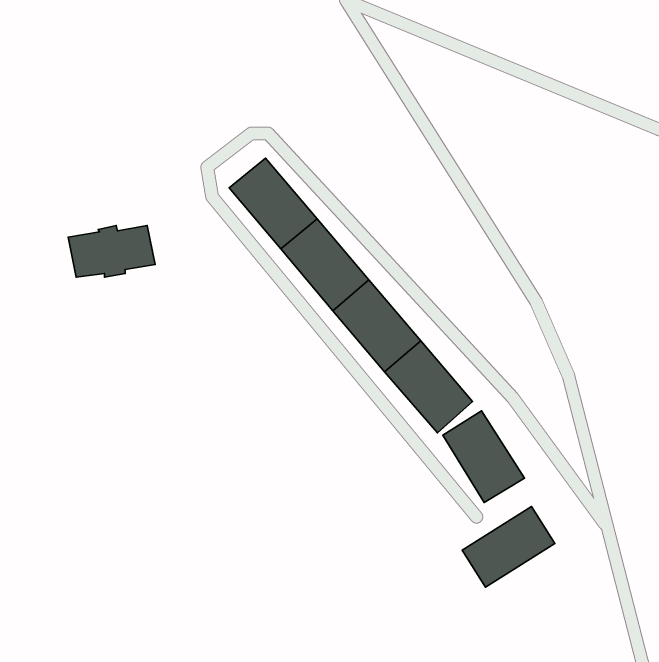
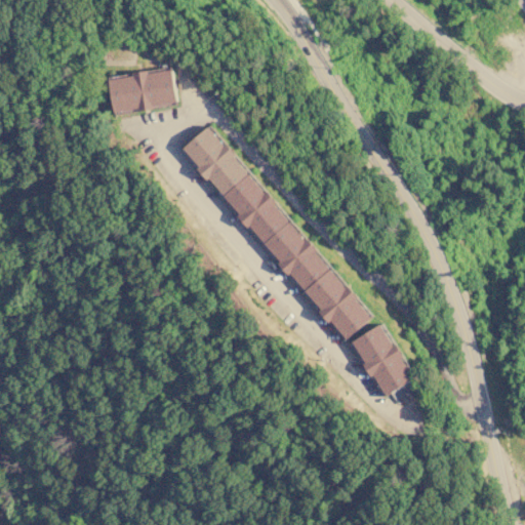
building: [68,226,155,277] -> [108,69,176,110]
building: [462,506,555,587] -> none

